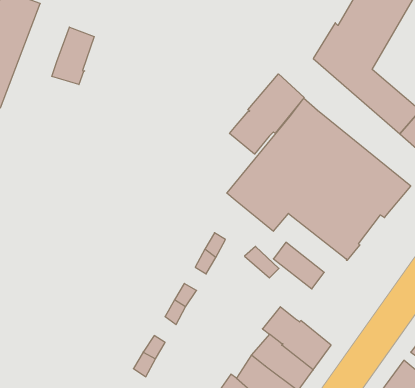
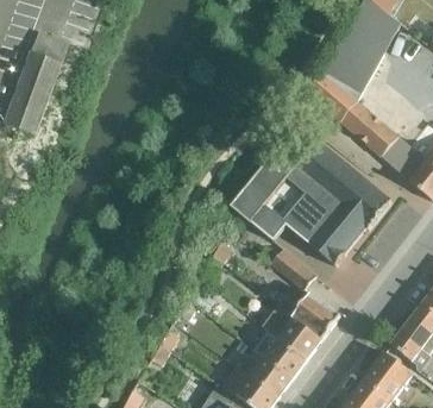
building: [52,27,94,85] -> none
building: [230,74,304,154] -> none
building: none -> [277,293,340,339]

